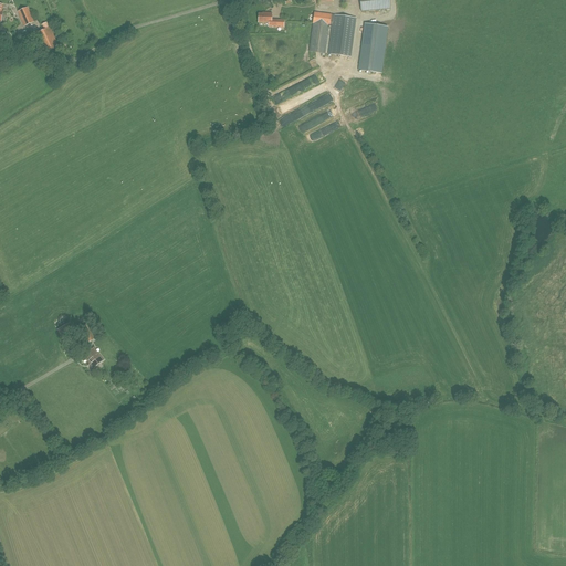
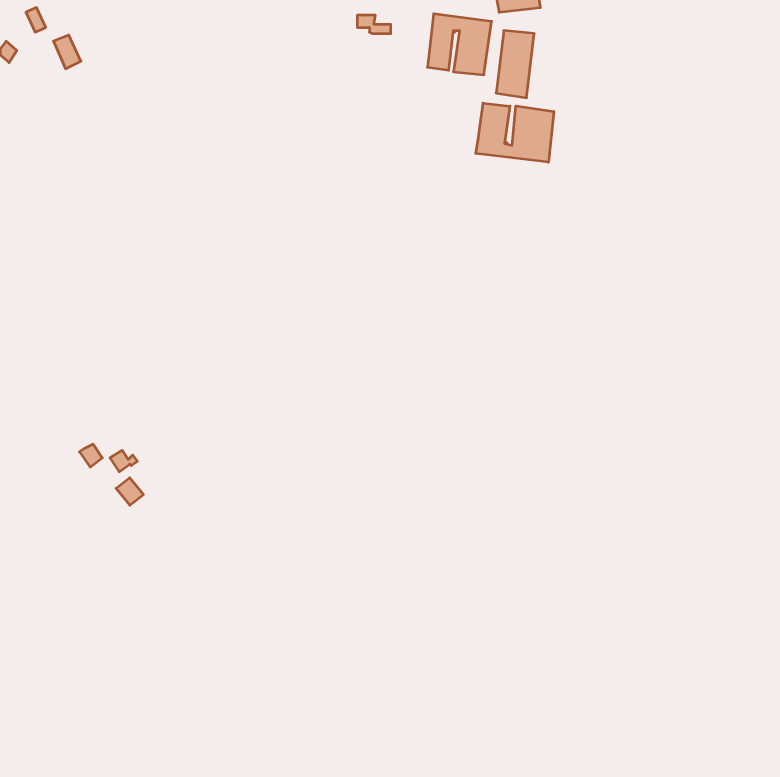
building: none -> [476,103,554,162]

